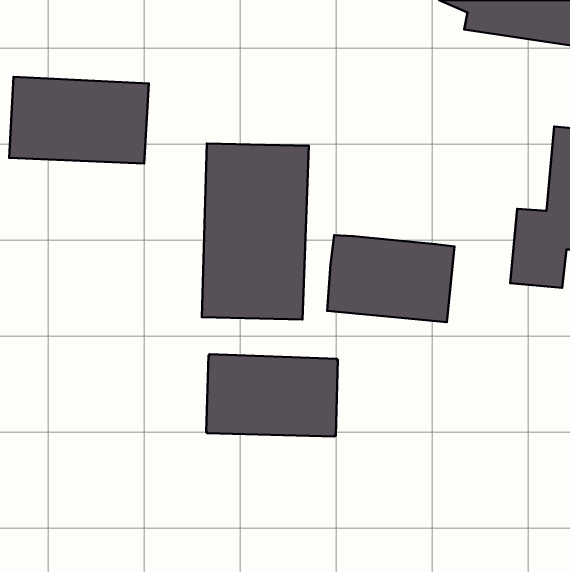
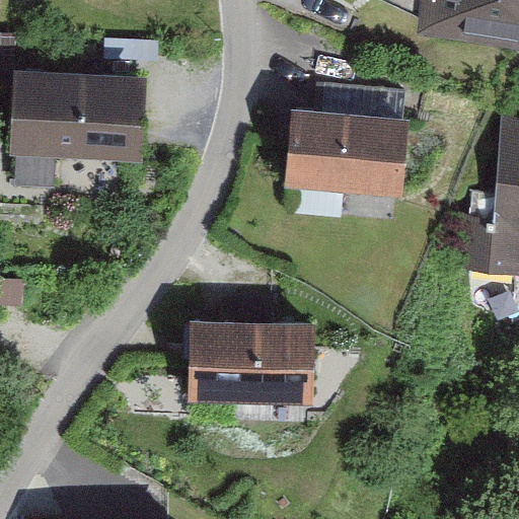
building: [202,144,309,319] -> none
building: [327,235,455,322] -> [288,112,402,190]

